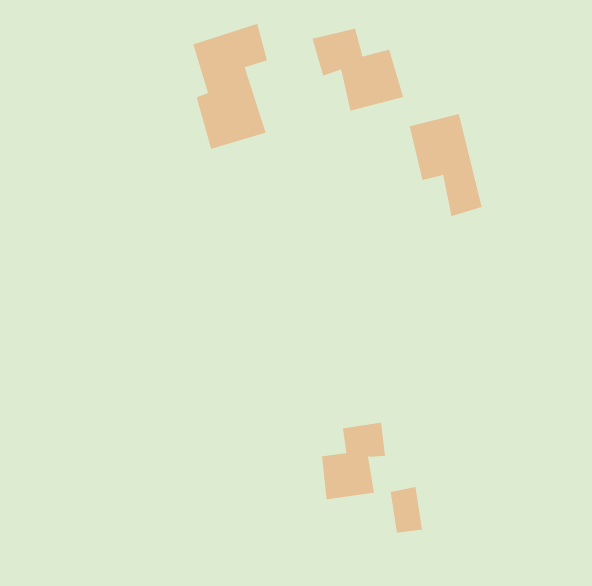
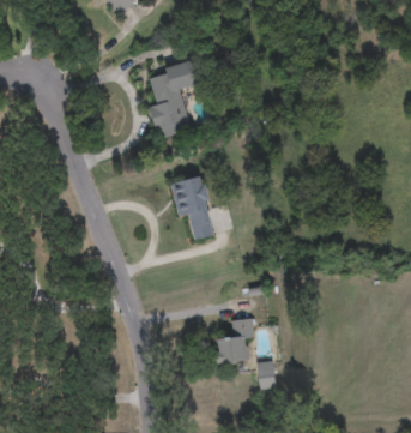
building: [312,28,404,111] -> none
building: [409,114,482,217] -> [170,175,213,240]

